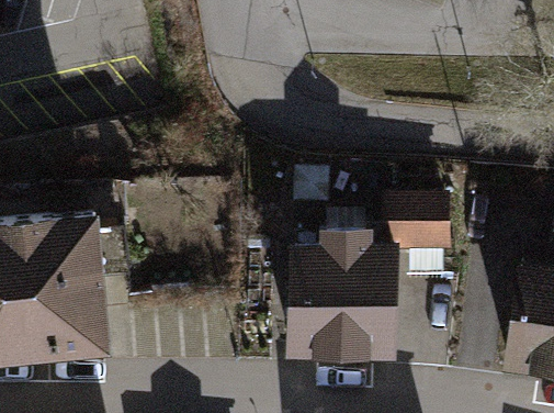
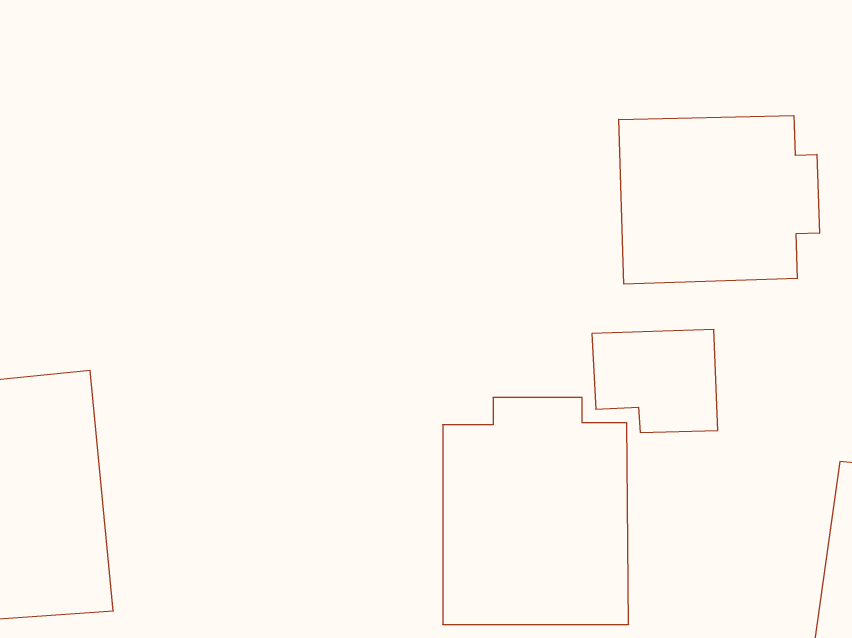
building: none -> [619,116,819,284]

